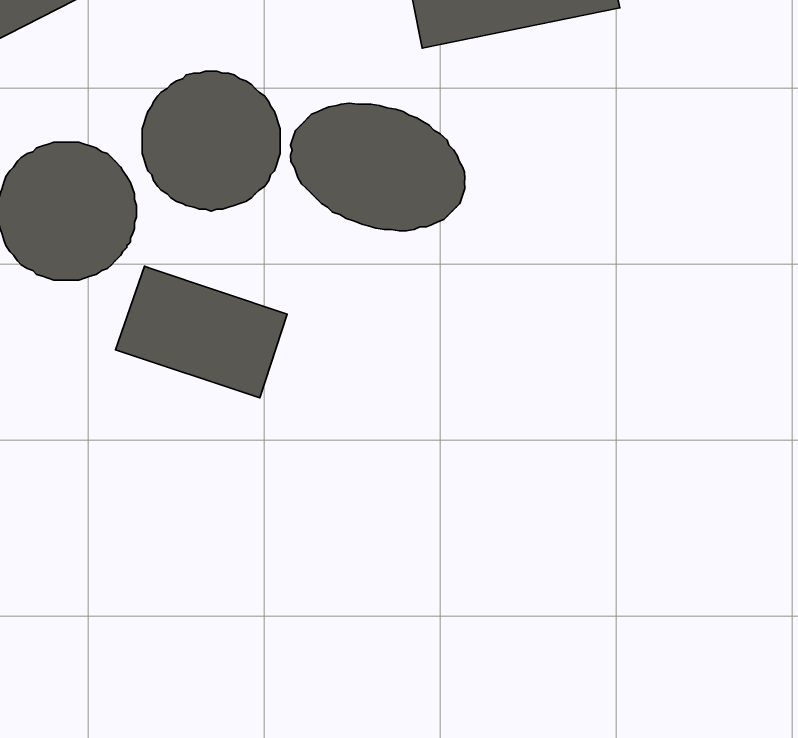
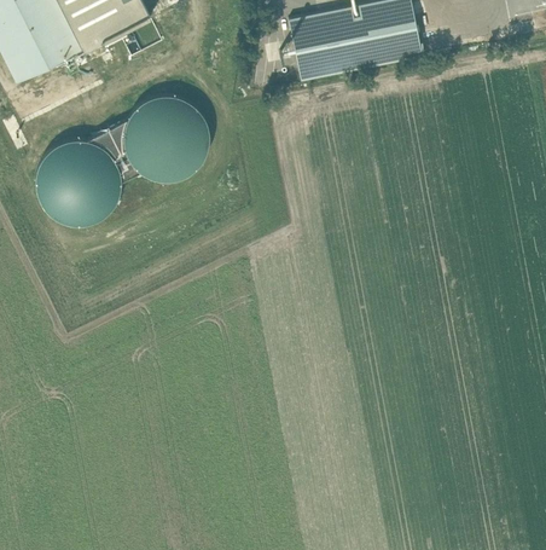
building: [291,103,465,231] -> none
building: [116,266,287,398] -> none

